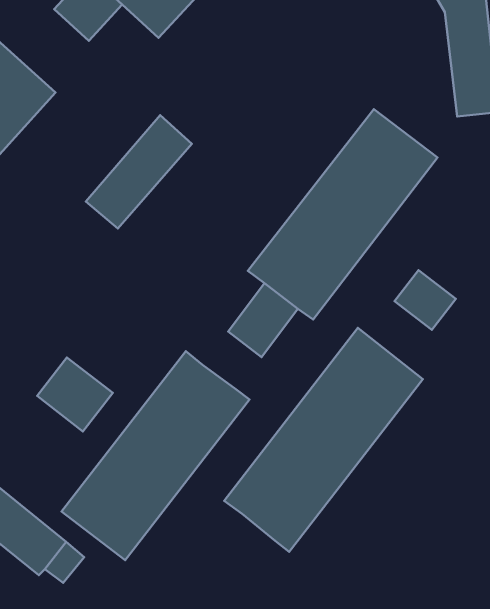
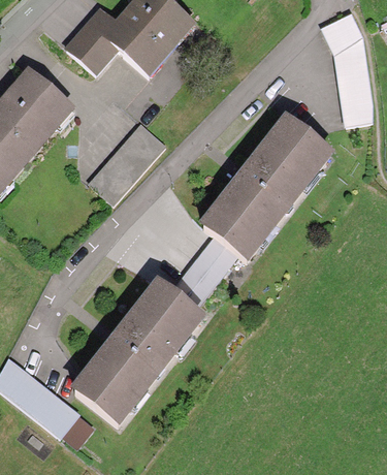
building: [394,270,456,330] -> none
building: [224,328,423,552] -> none
building: none -> [170,270,211,309]
building: [37,358,113,431] -> none

